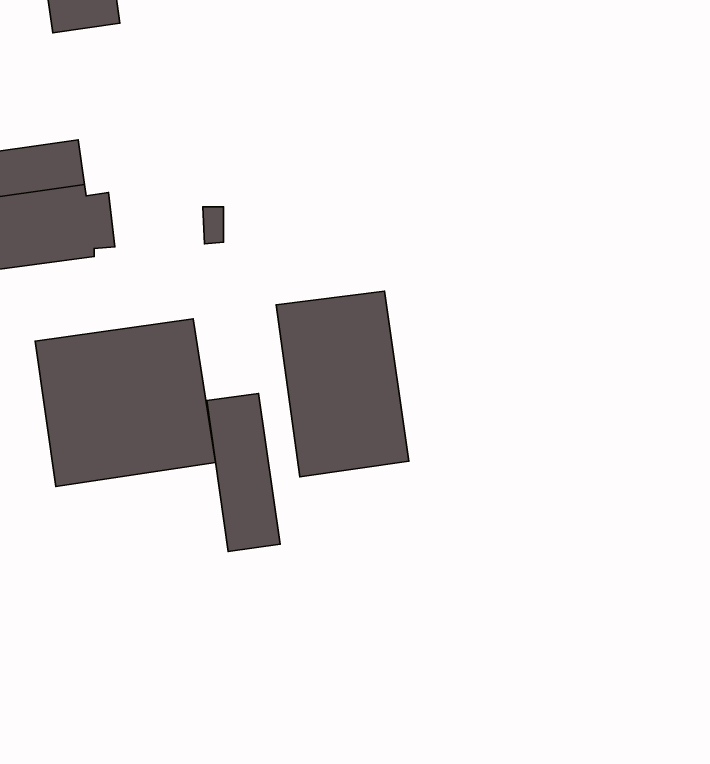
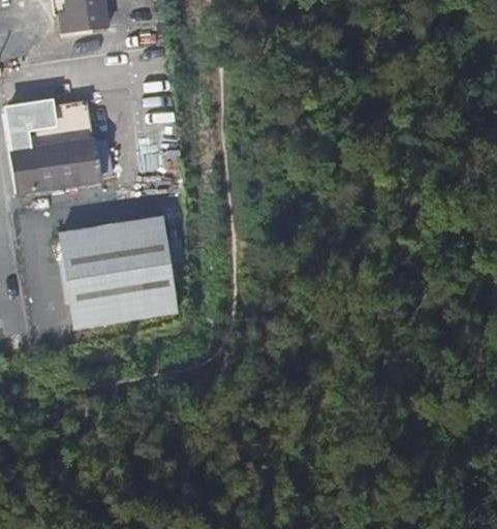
building: [276,291,409,477] -> none
building: [207,393,280,552] -> none

